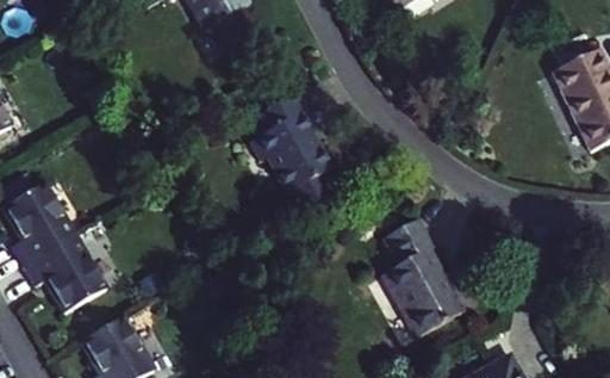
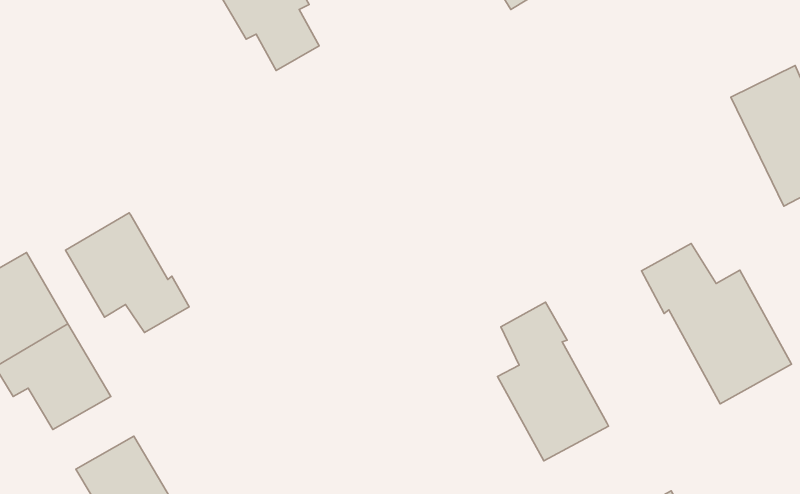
building: [249,94,337,217] -> none
building: none -> [66,213,189,333]
building: none -> [641,244,791,404]

